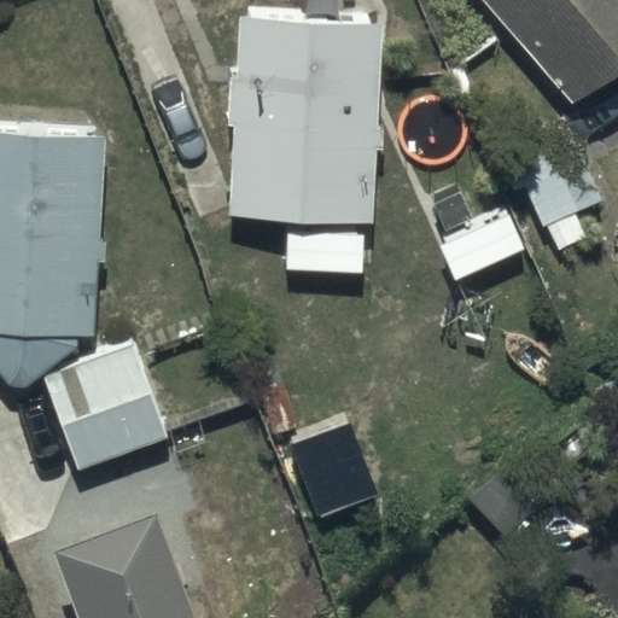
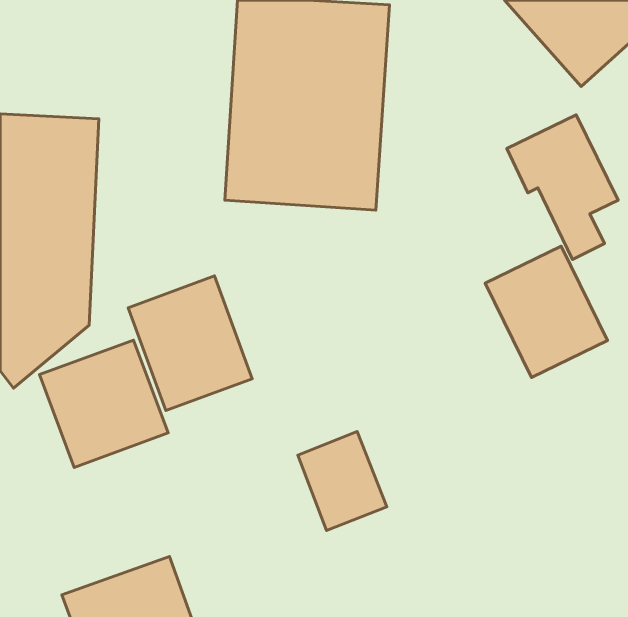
building: none -> [485,246,607,377]
building: none -> [128,276,252,411]

